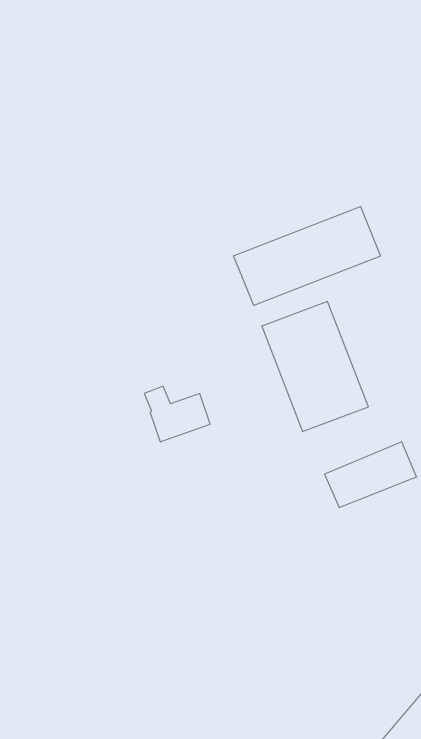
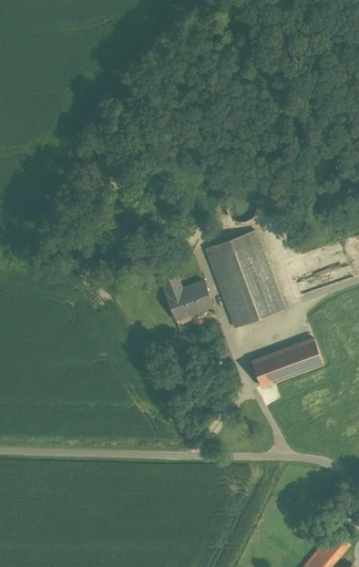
building: [234,206,381,305] -> none
building: [144,386,210,442] -> [163,275,213,317]

